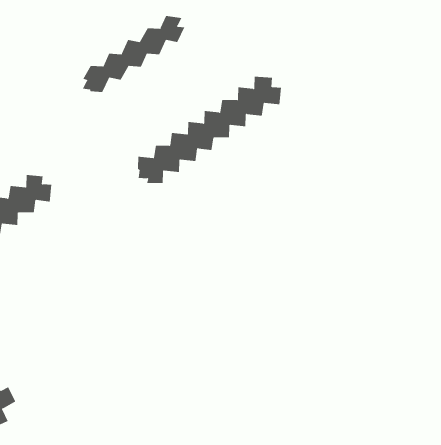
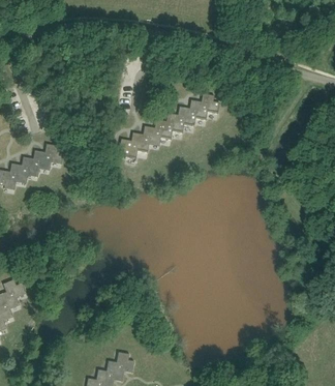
building: [82,15,185,93] -> none

